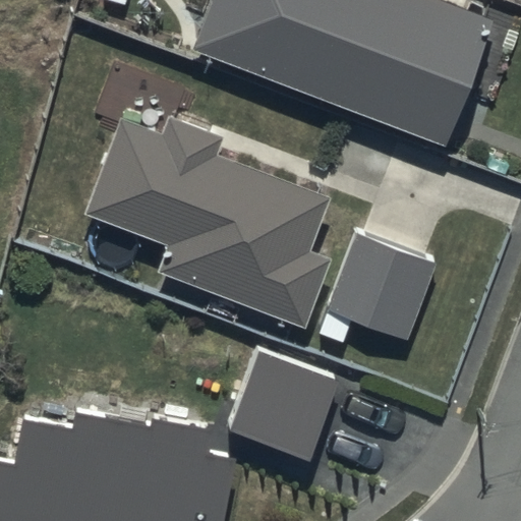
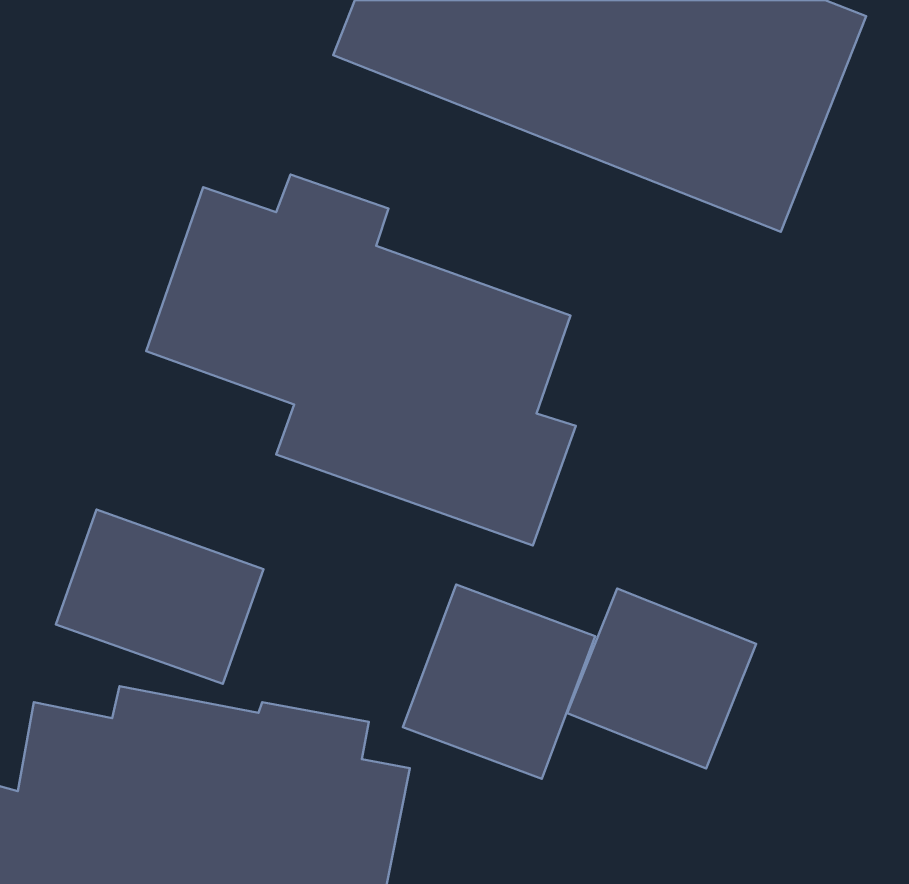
building: [328,238,436,341] -> [567,588,756,768]
building: none -> [56,510,264,684]

